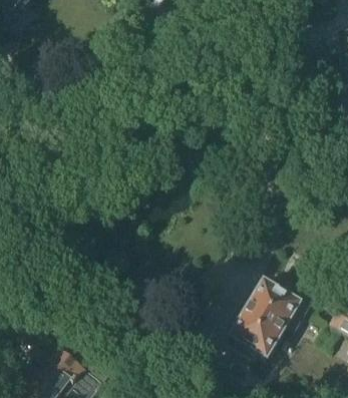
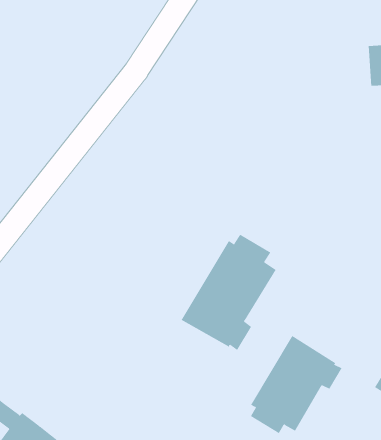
building: none -> [181,234,277,351]

